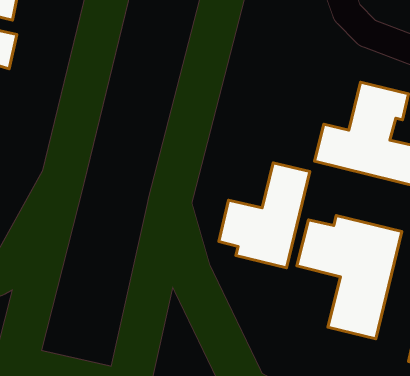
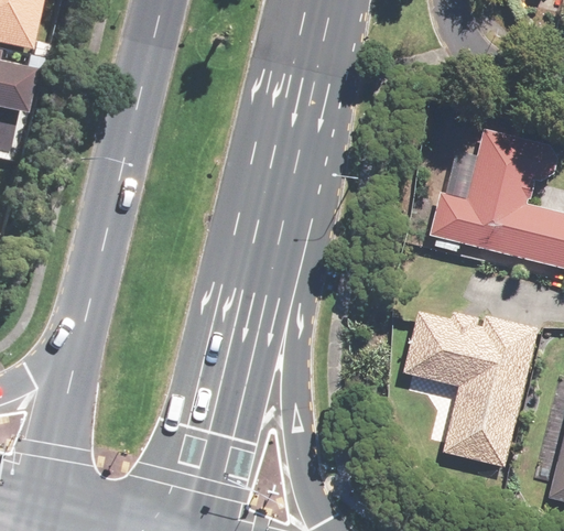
building: [219,163,310,268] -> none

